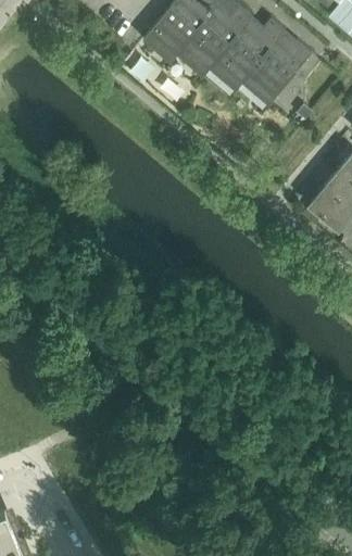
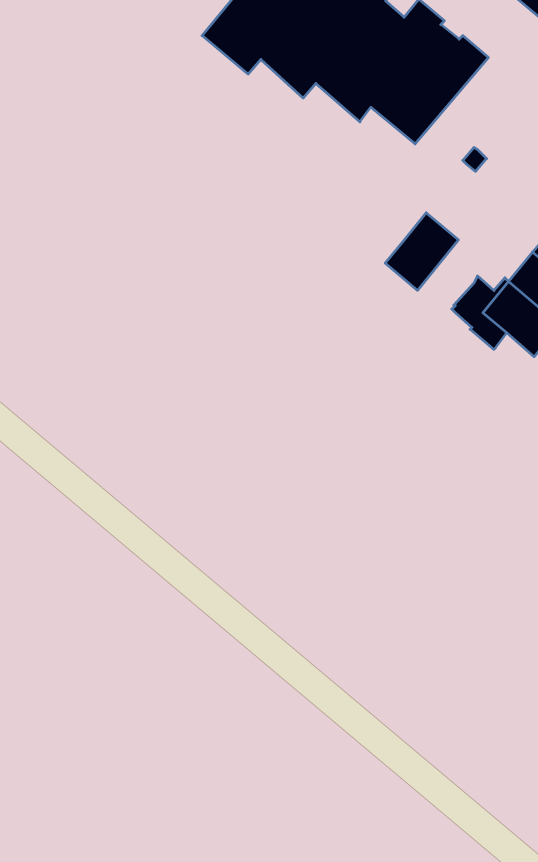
building: none -> [385,213,458,290]

